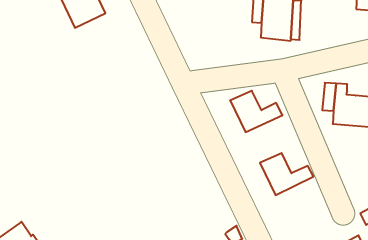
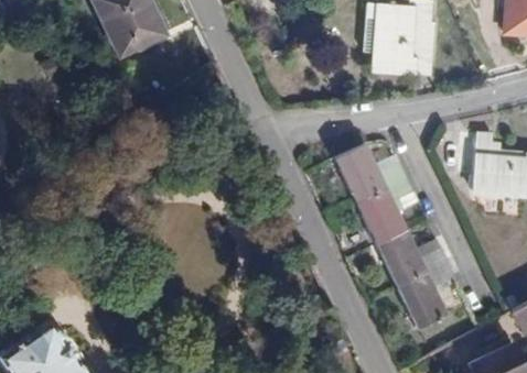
building: none -> [356,177,413,242]
building: none -> [397,261,456,330]

